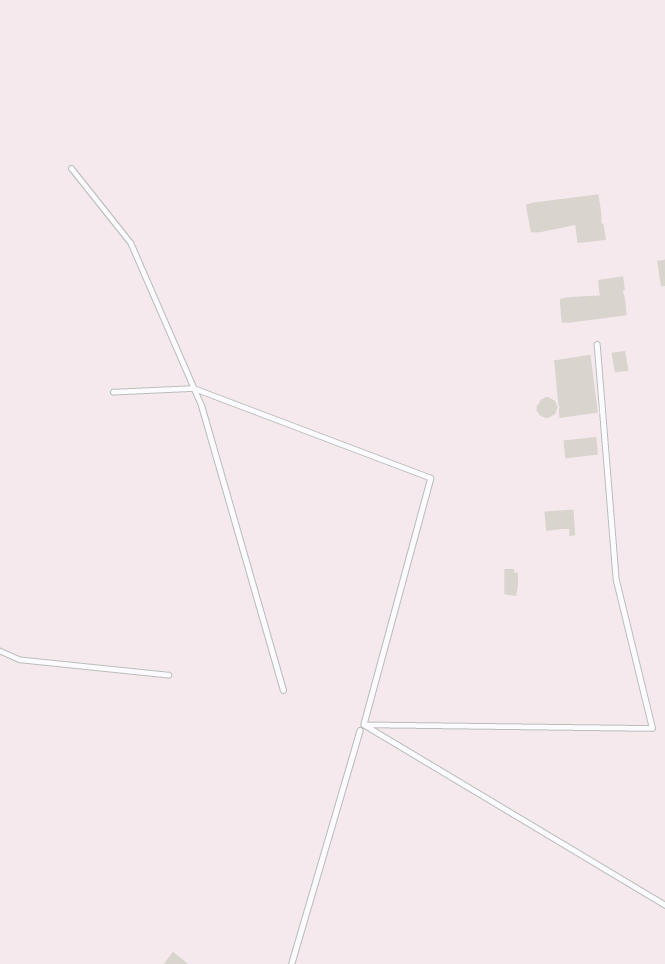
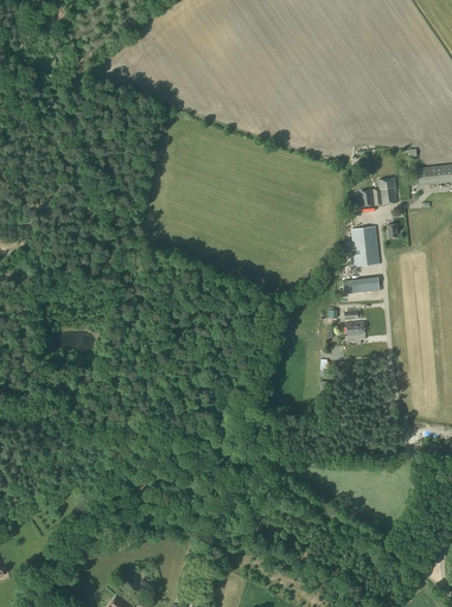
building: [525,193,607,244] -> none

